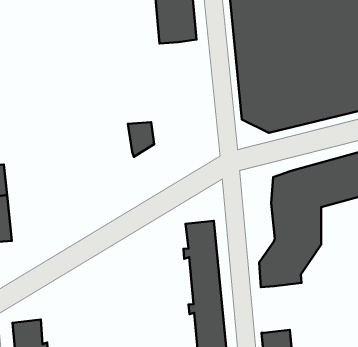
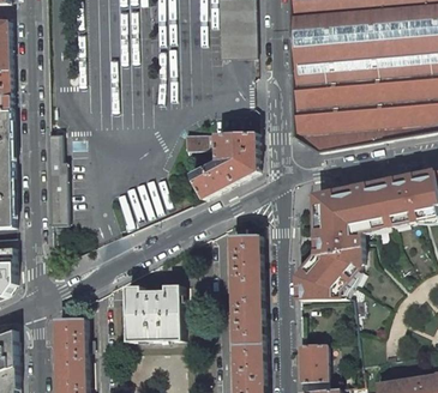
building: none -> [190,132,256,199]
building: none -> [125,285,181,341]

